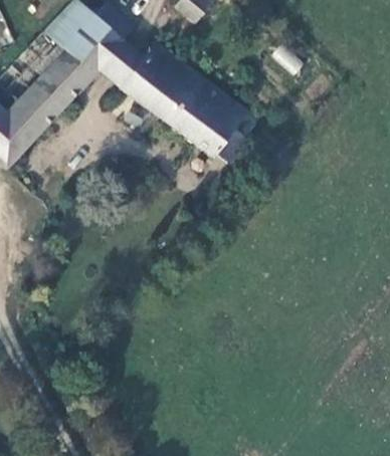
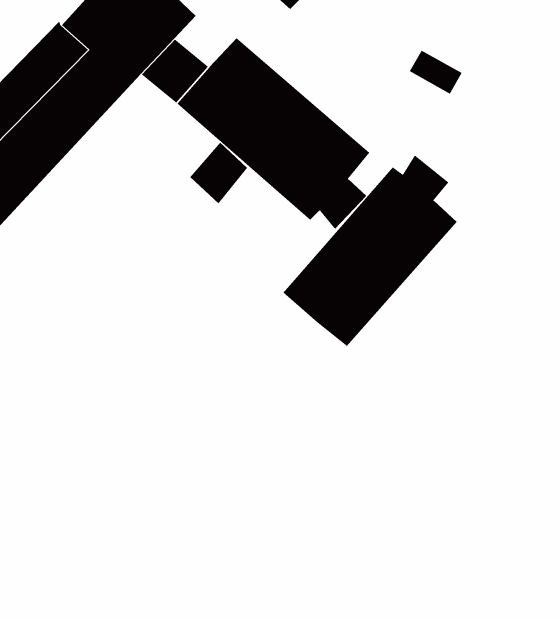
building: none -> [189,142,248,204]
building: none -> [283,155,457,347]

